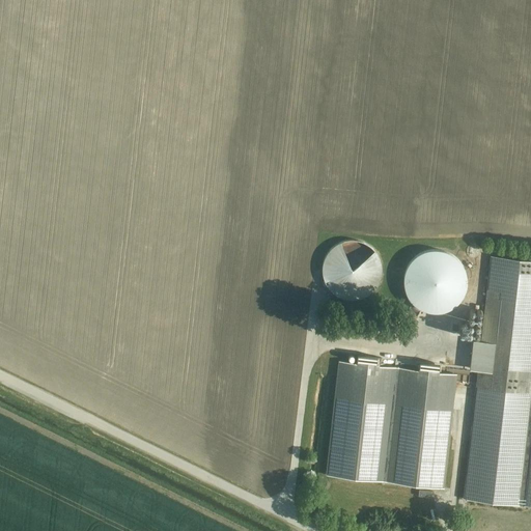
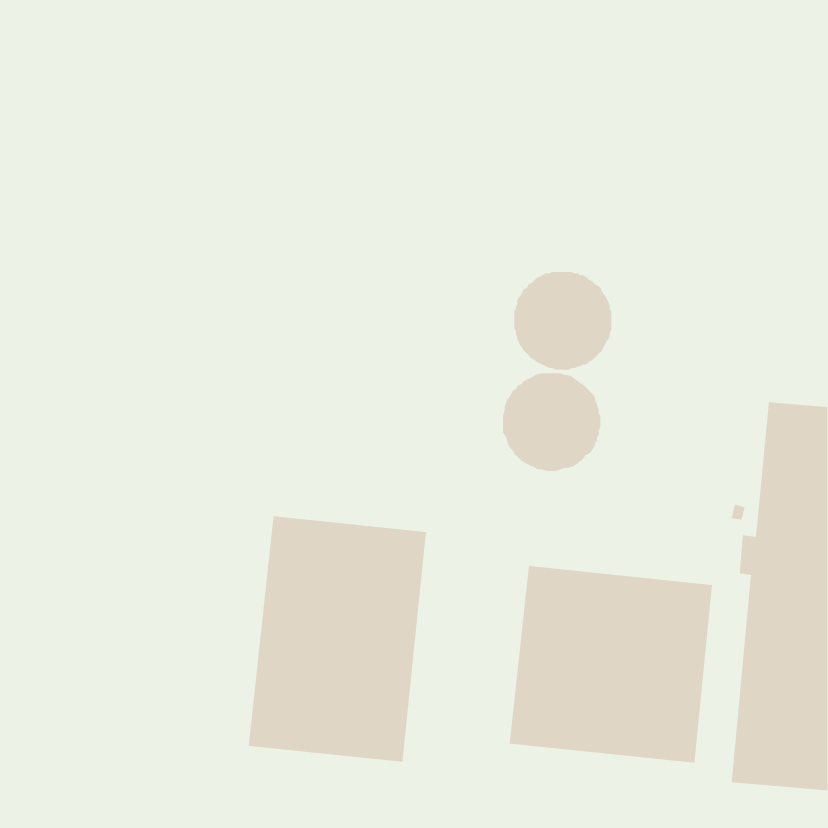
building: [403,250,467,313] -> [513,271,612,370]
building: none -> [248,516,426,763]

